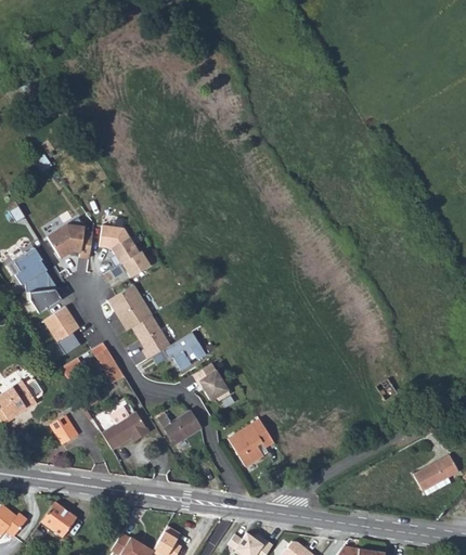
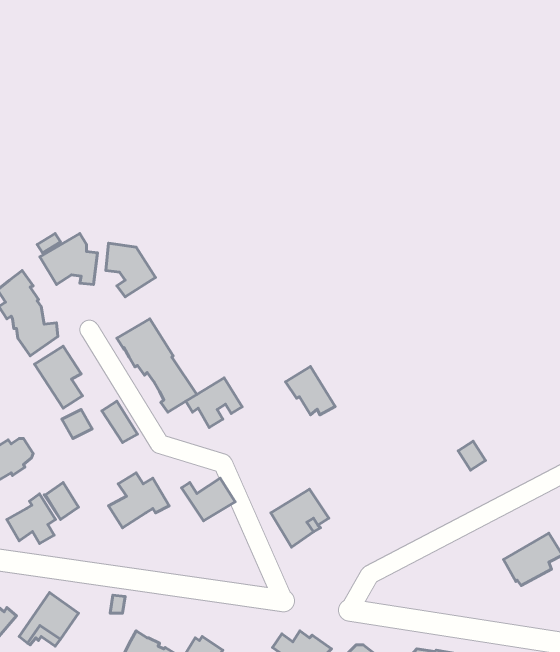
building: [109,251,148,279] -> none
building: [192,362,231,400] -> [286,367,335,415]
building: none -> [7,494,55,544]

